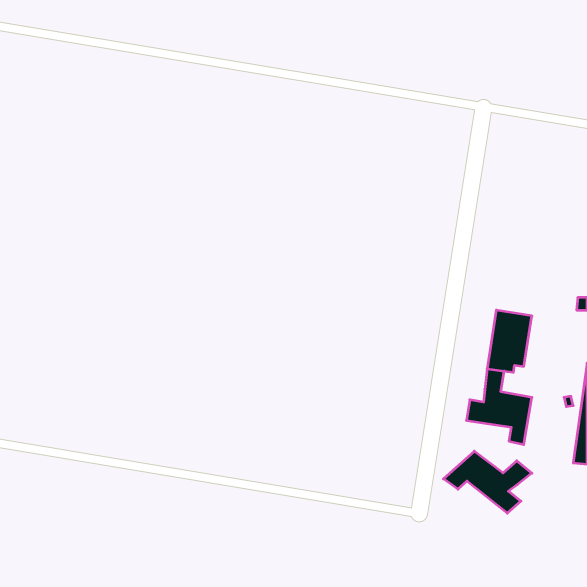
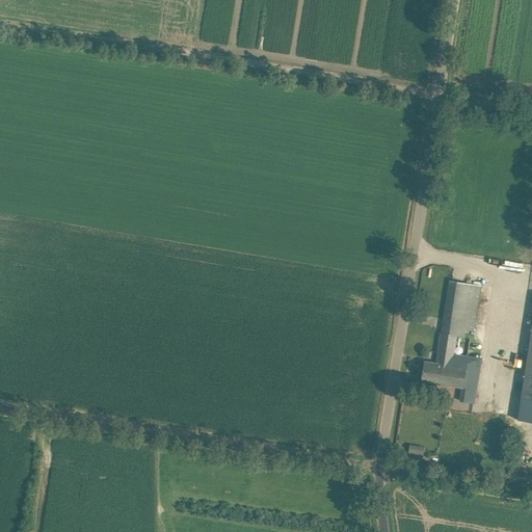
building: [443,451,532,513] -> none

